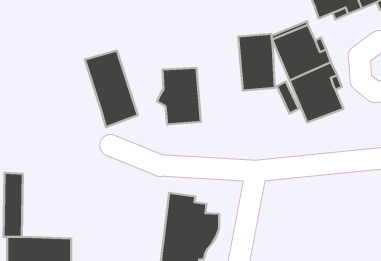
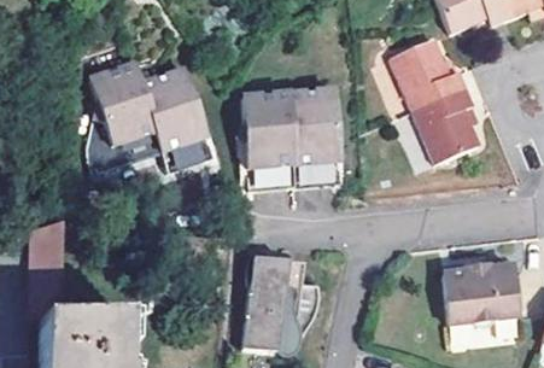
building: [238,34,275,90] -> [289,92,338,167]
building: none -> [92,64,164,173]
building: none -> [443,269,515,331]

